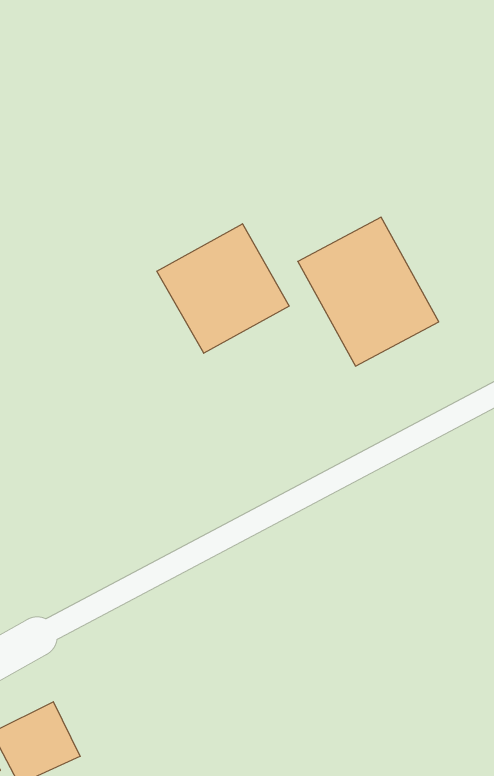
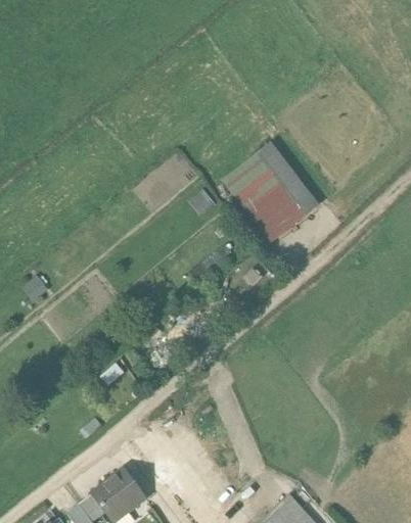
building: [157,224,289,353] -> none

